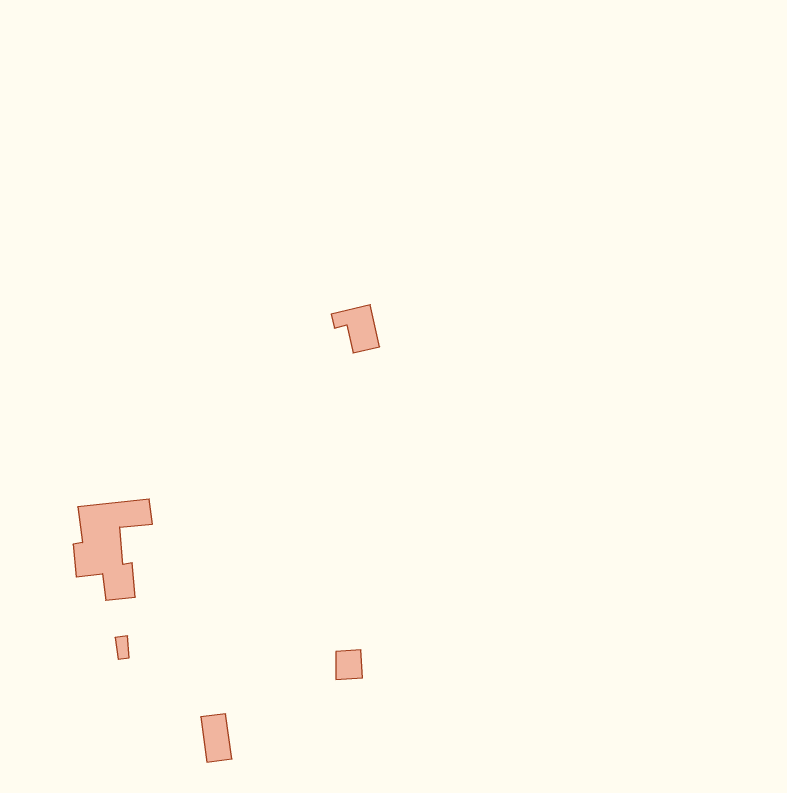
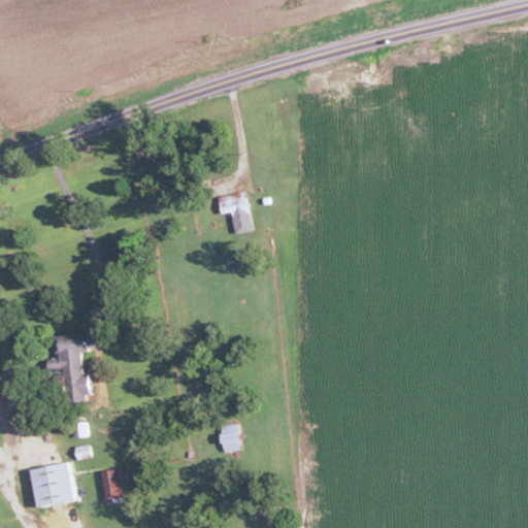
building: none -> [30,463,75,507]
building: [201,714,232,762] -> [101,469,122,501]

